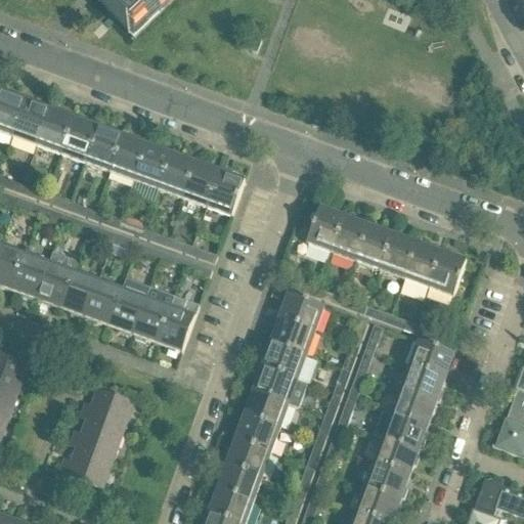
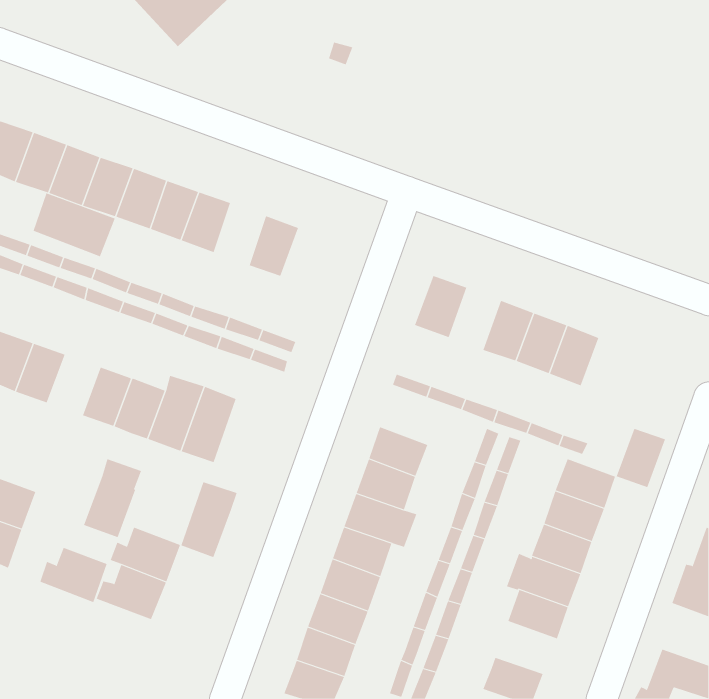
building: none -> [33,192,116,257]
building: [158,149,195,195] -> none
building: [207,168,245,213] -> none
building: [331,212,368,258] -> none
building: [35,248,78,306] -> [83,458,142,538]
building: [428,249,465,293] -> [616,428,666,488]
building: [279,291,323,328] -> none
building: [158,294,200,350] -> [180,482,237,558]
building: [61,444,112,485] -> [40,547,108,603]
building: [364,457,410,496] -> none

